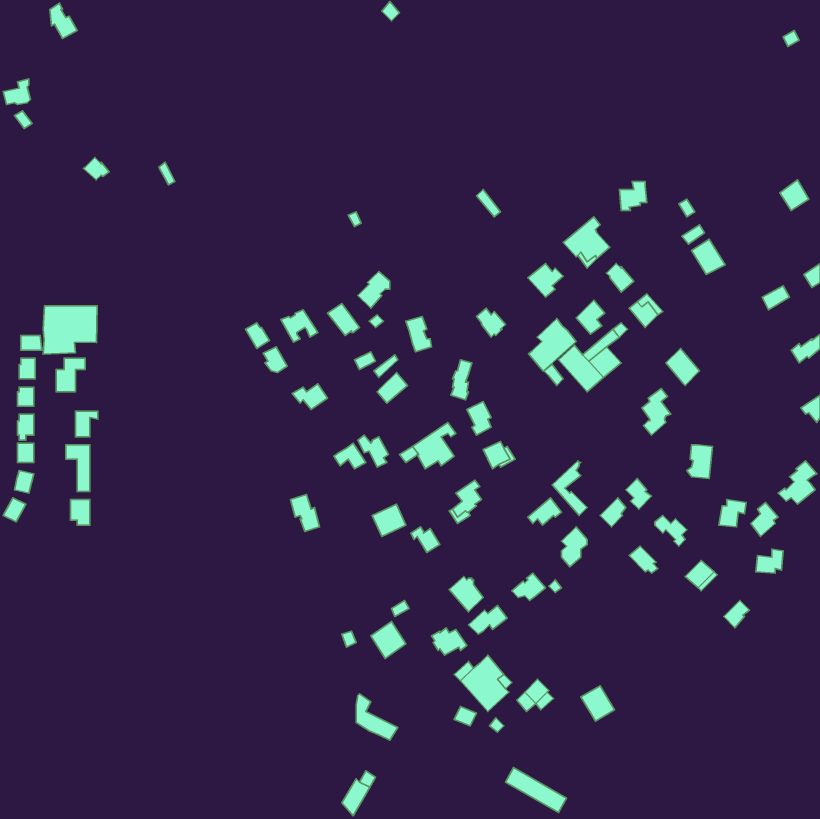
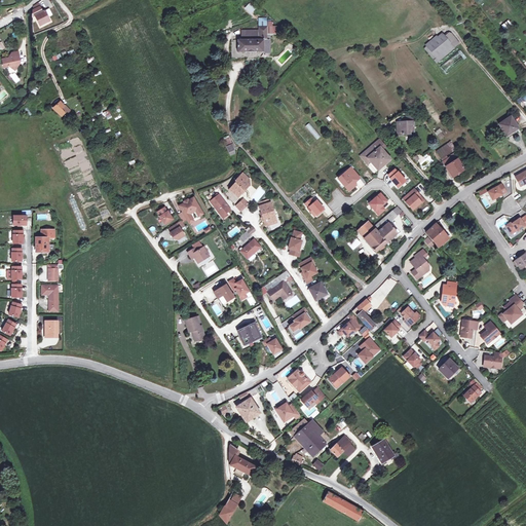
building: none -> [237,21,272,51]
building: none -> [424,32,459,62]
building: [43,306,97,354] -> none
building: [528,319,576,371] -> none

